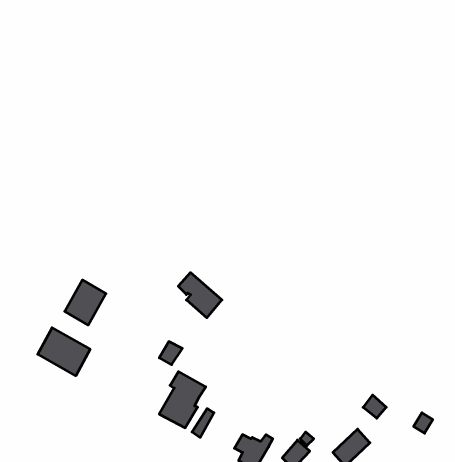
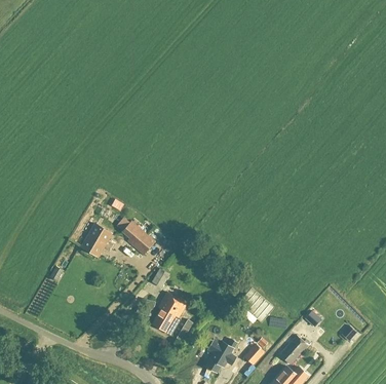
building: [178,273,222,318] -> [122,222,155,256]
building: [38,328,90,376] -> none

